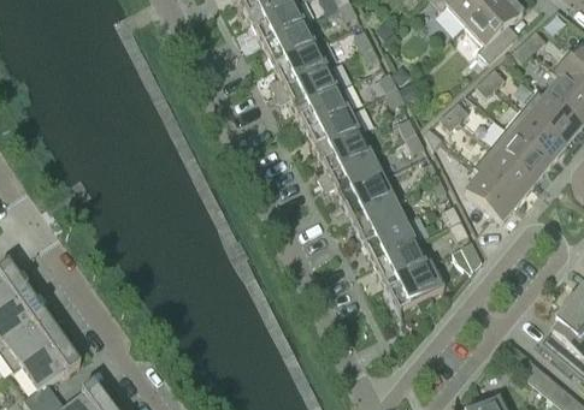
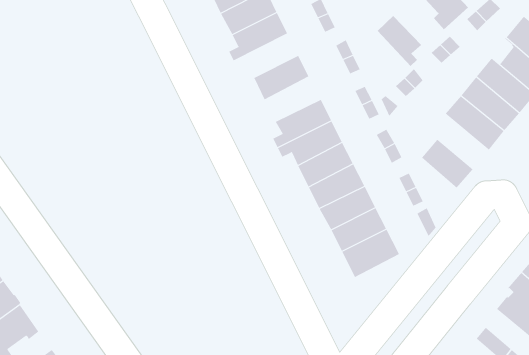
building: none -> [377,15,422,67]
building: [275,65,341,109] -> none
building: [306,108,364,154] -> none
building: [473,145,533,202] -> none

